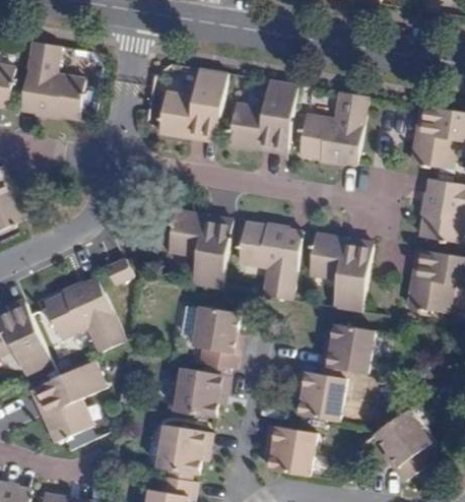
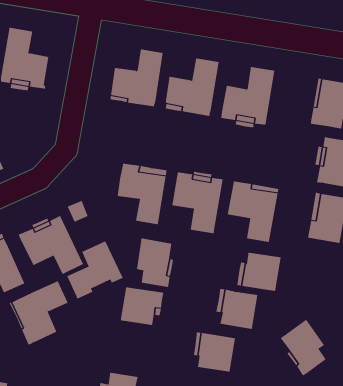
building: none -> [66,241,124,299]
building: [155,425,205,475] -> none

